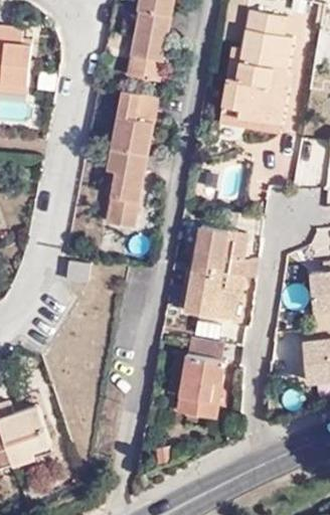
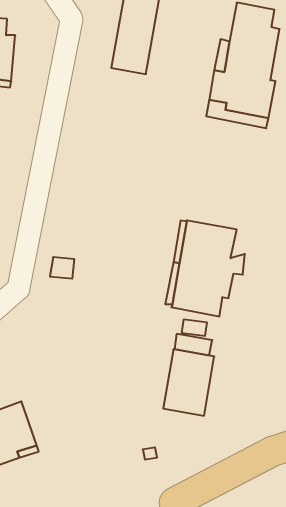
building: [106,92,159,230] -> none

